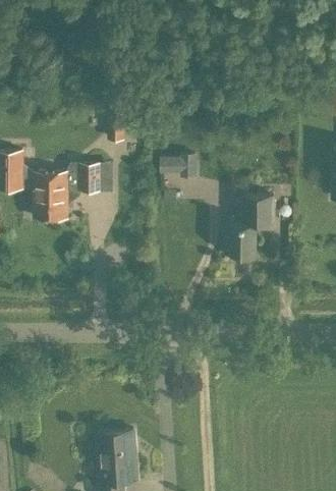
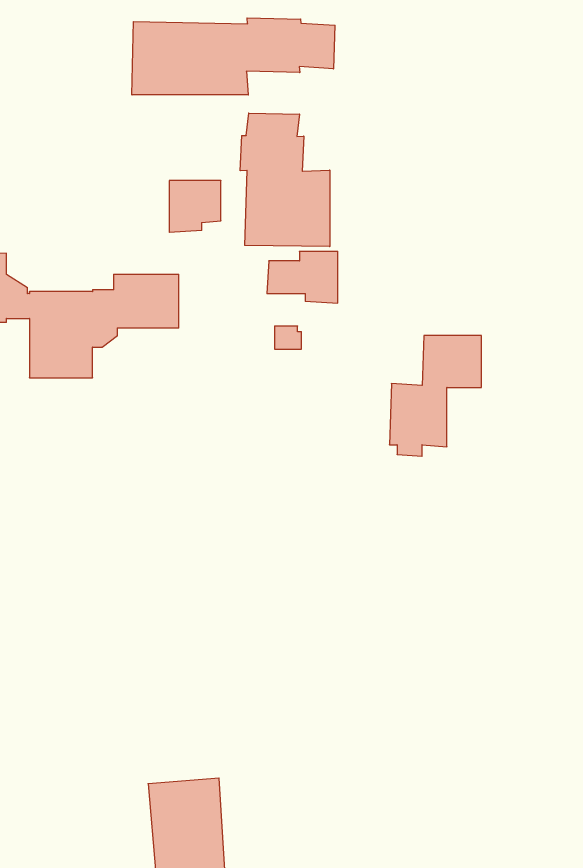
building: none -> [132,18,335,95]
building: none -> [240,113,330,247]

